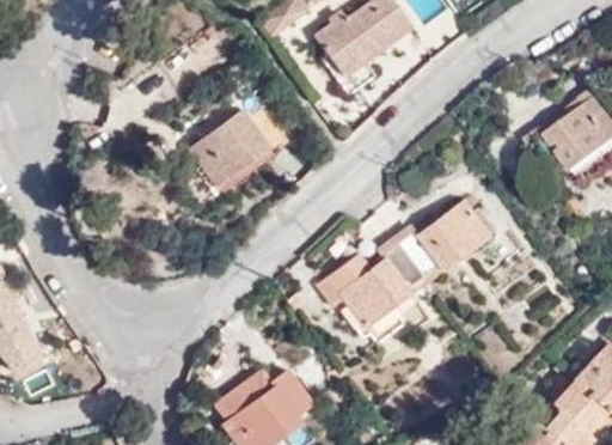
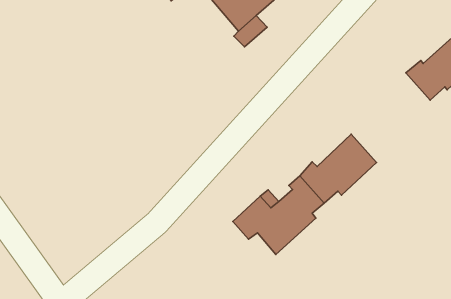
building: [189,95,277,185] -> none

